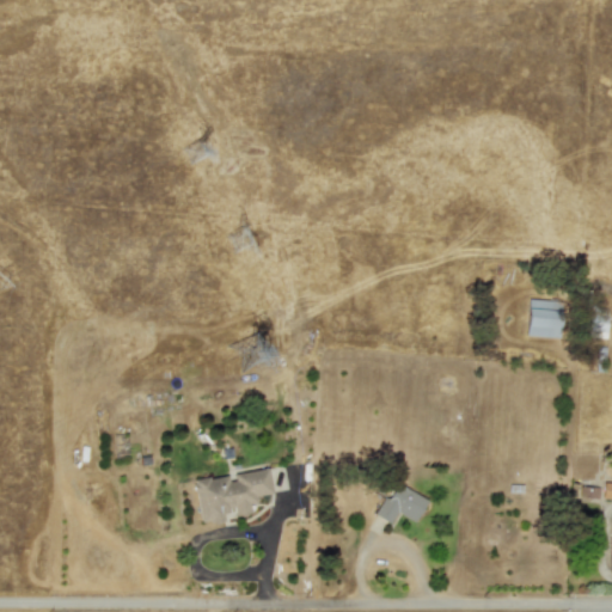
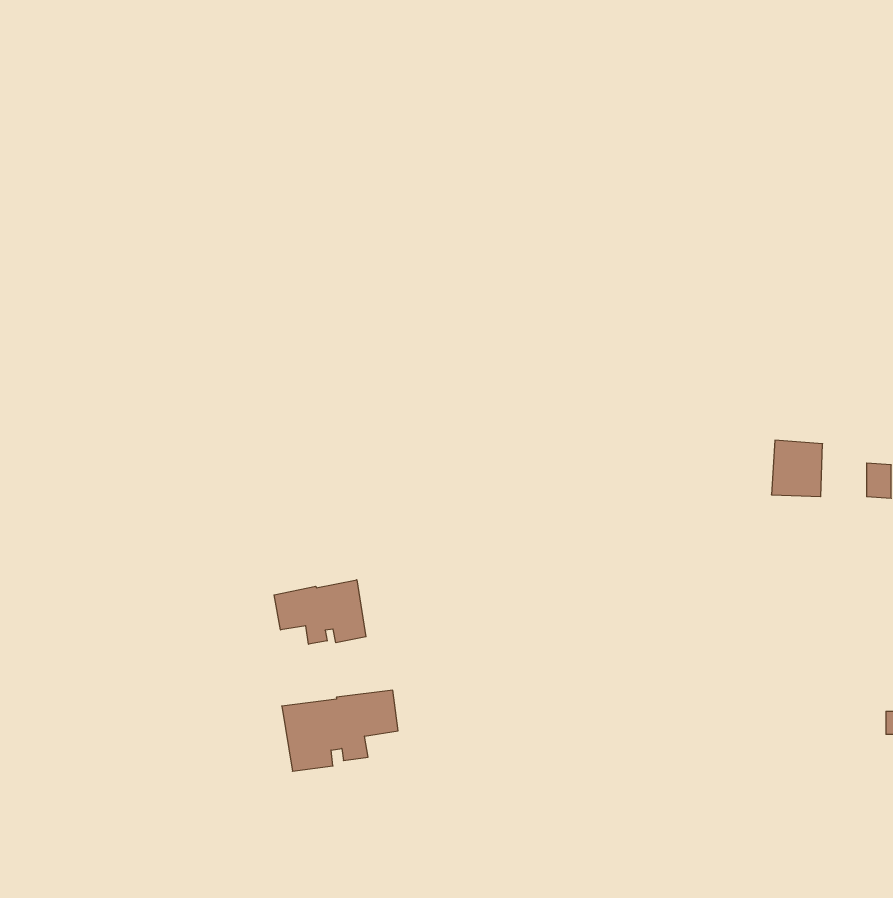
building: none -> [274,580,366,644]
building: [379,483,430,525] -> none

